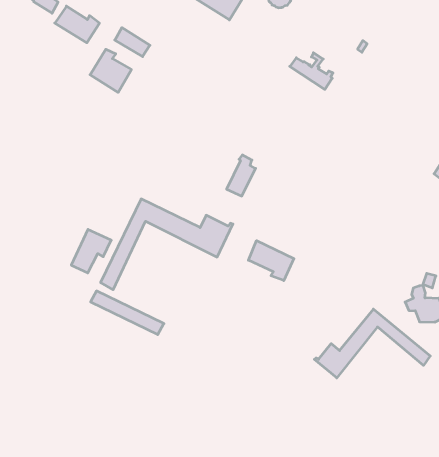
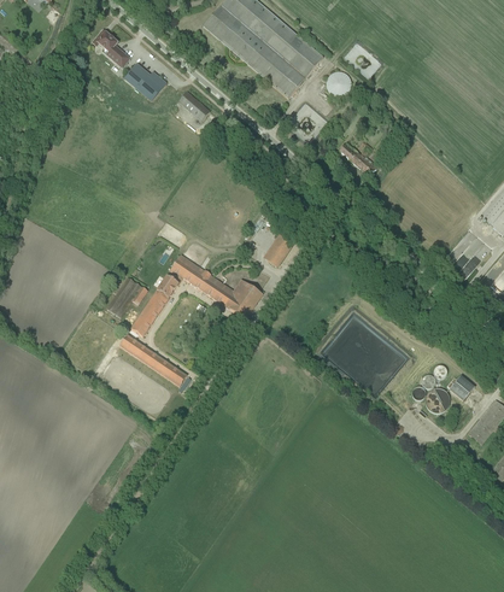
building: [90,49,131,92] -> none
building: [248,241,294,281] -> none
building: [314,309,430,378] -> none

